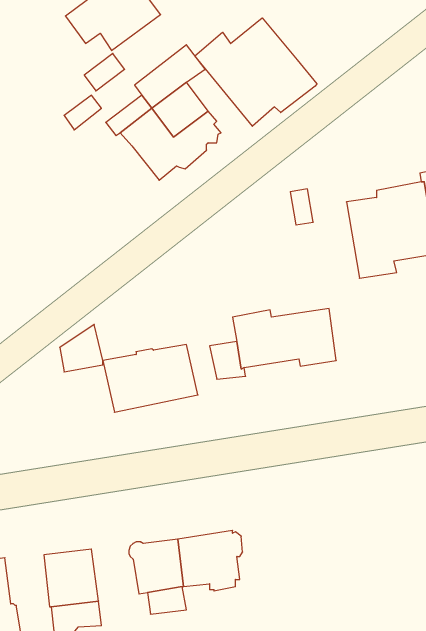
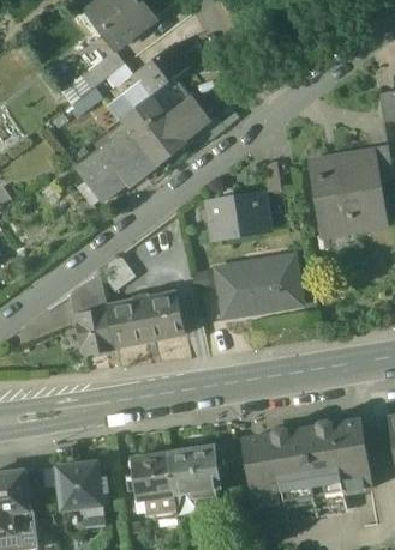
building: [195,18,317,126] -> none
building: none -> [78,125,158,201]
building: none -> [209,192,270,238]
building: none -> [76,303,118,352]
building: none -> [246,419,372,504]

